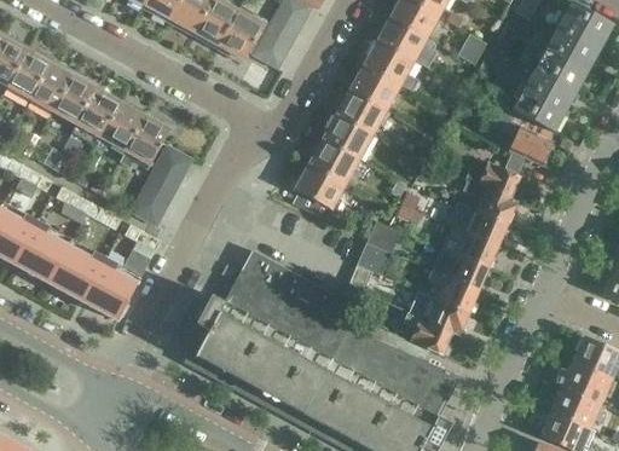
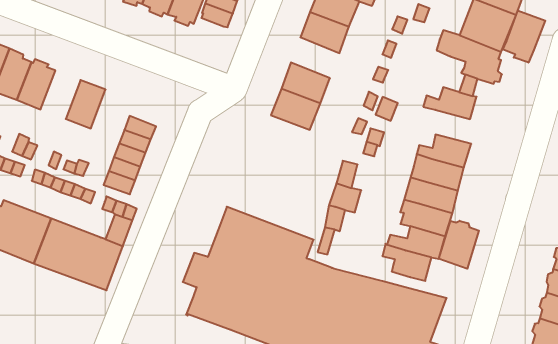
building: [71,88,121,146] -> none
building: [337,89,392,135] -> none
building: none -> [503,11,545,63]
building: [125,115,169,166] -> none
building: [291,164,347,219] -> none
building: [463,179,519,222] -> none
building: none -> [439,221,479,269]

